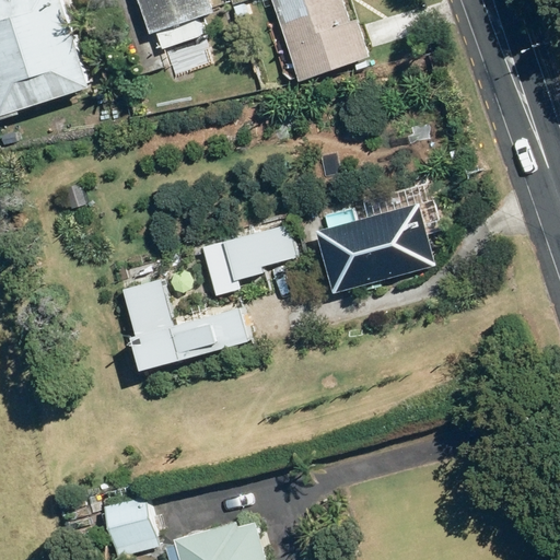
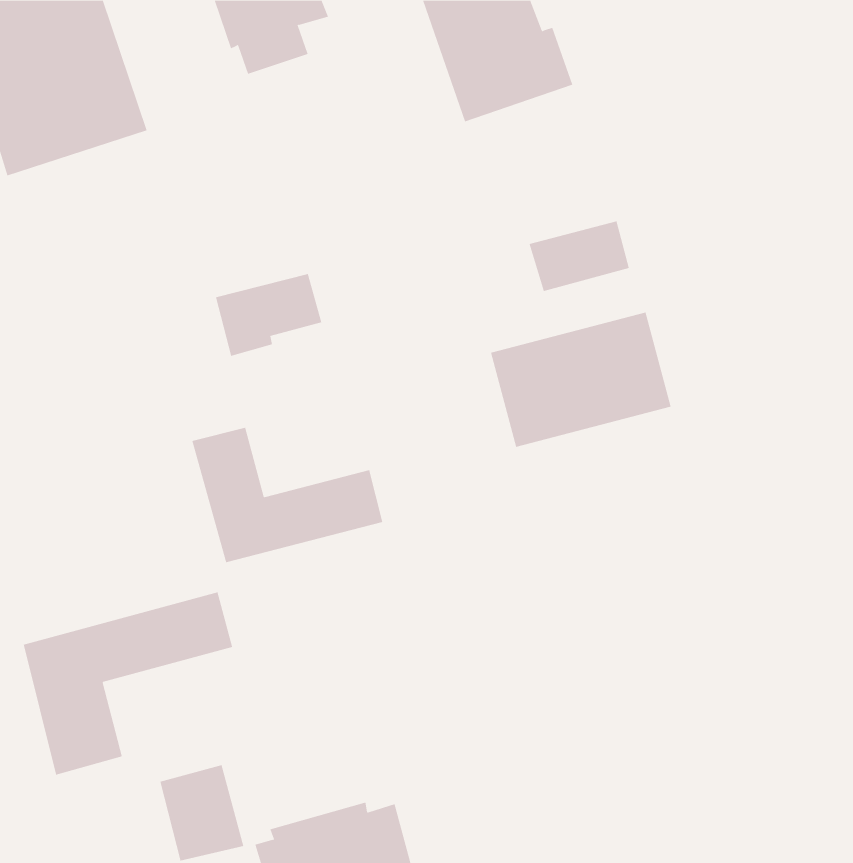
building: none -> [529,221,629,292]
building: [225,225,294,279] -> [215,273,322,357]
building: none -> [23,592,233,775]

